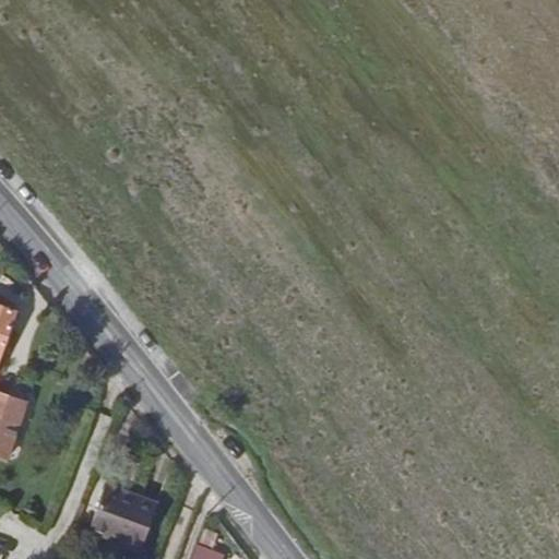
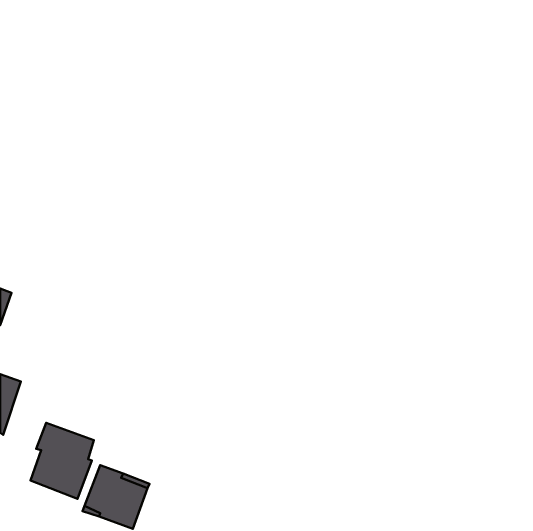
building: none -> [31,423,94,499]

